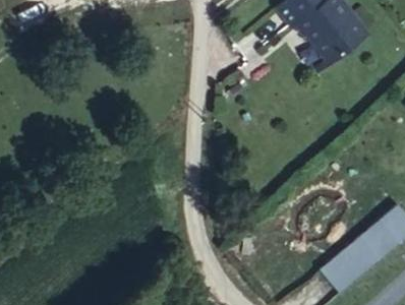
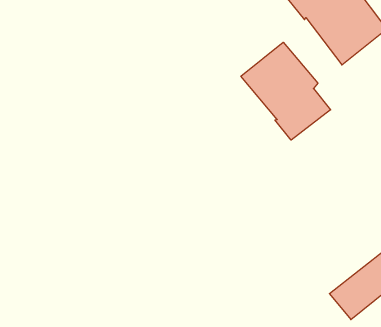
building: none -> [241,42,331,140]

